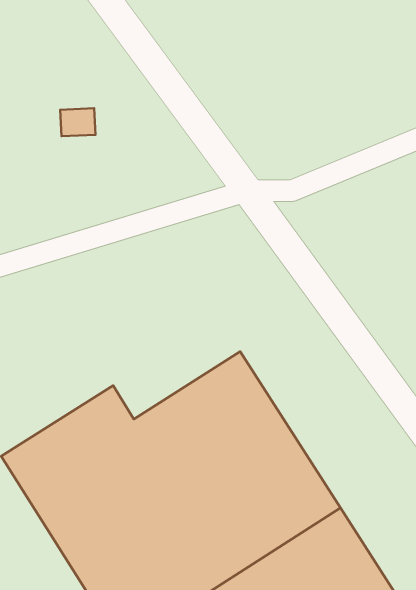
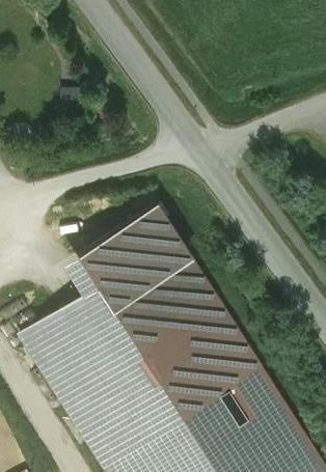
building: none -> [81,207,189,308]

